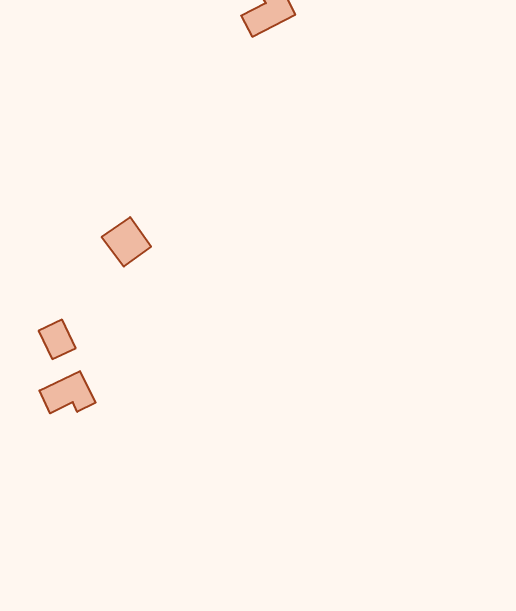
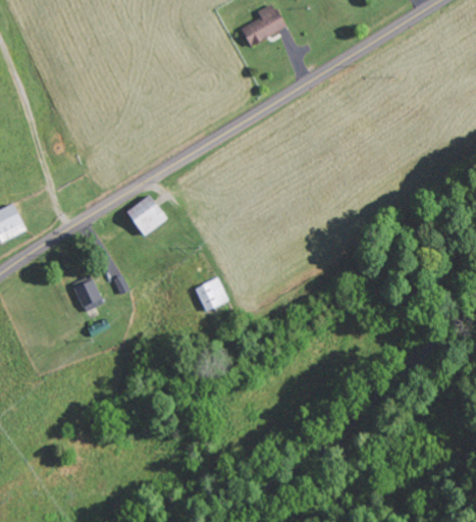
building: none -> [195,277,228,311]
building: [39,371,96,413] -> none

